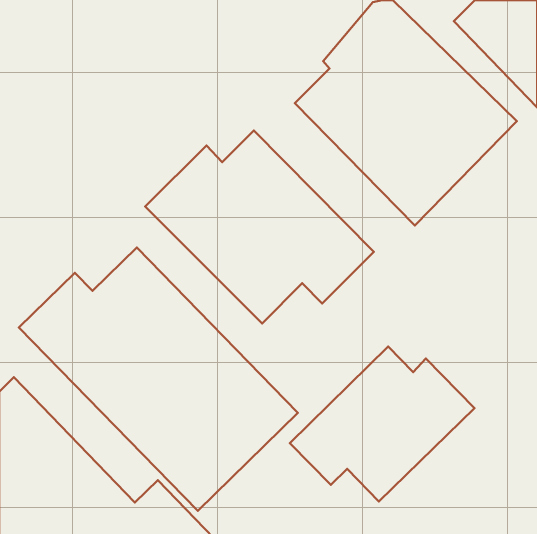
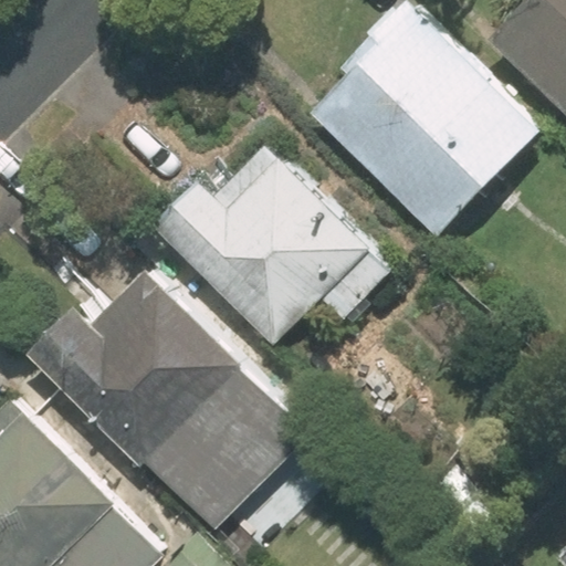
building: [290,346,474,501] -> none

